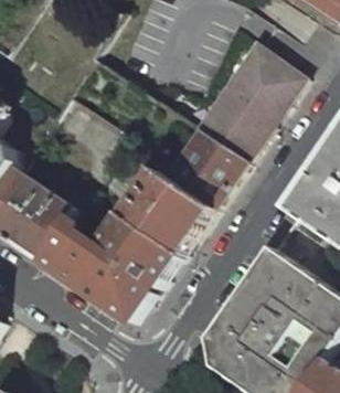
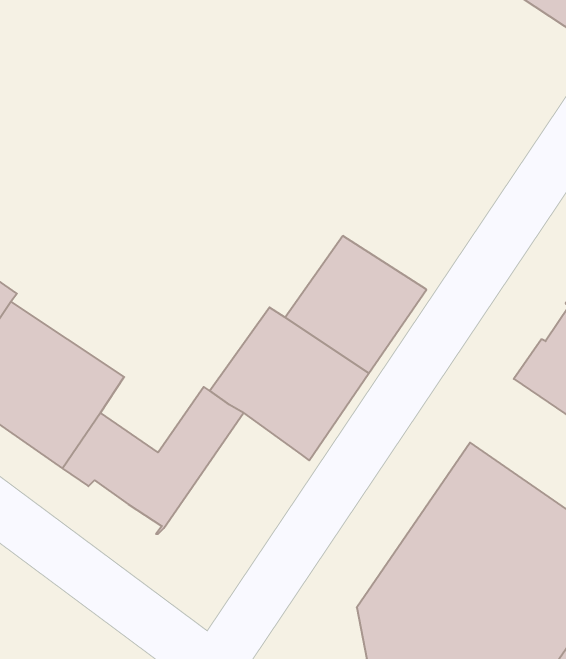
building: [193,44,301,161] -> none
building: [95,230,174,322] -> none

